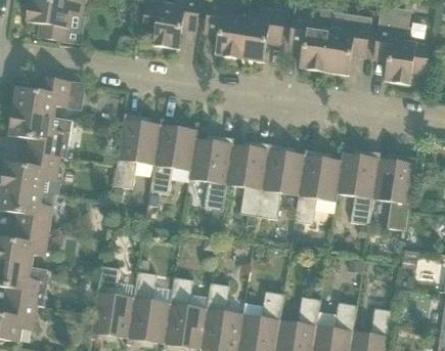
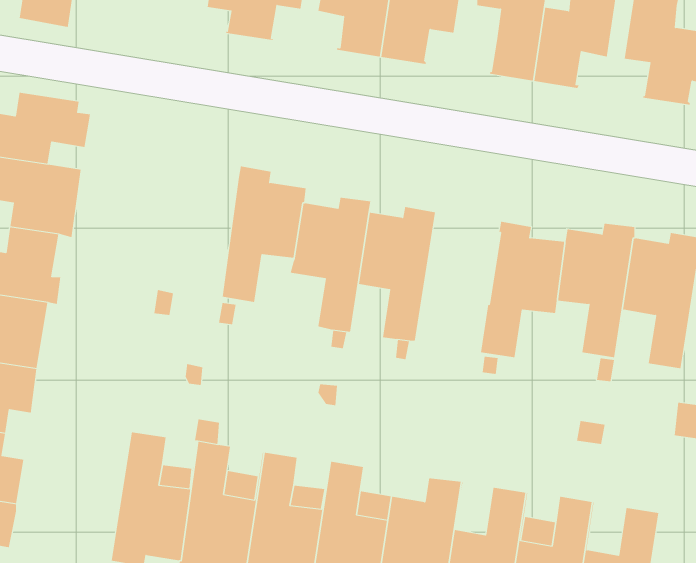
building: [113,113,160,190] -> none
building: [258,143,305,218] -> none

